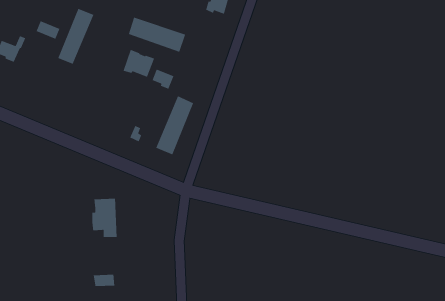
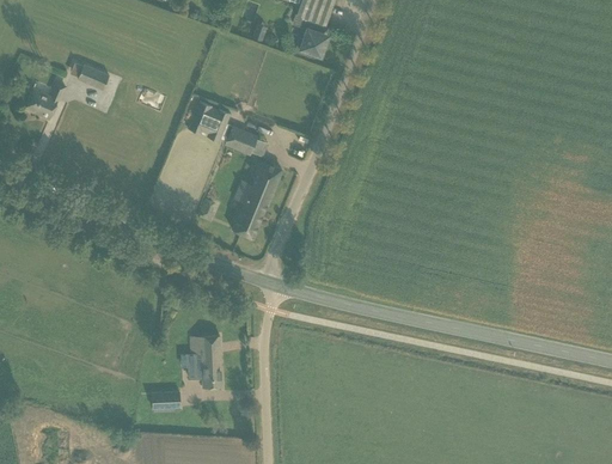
building: [57,8,95,65] -> none
building: [128,16,186,53] -> none
building: [92,198,118,238] -> [186,334,220,385]

